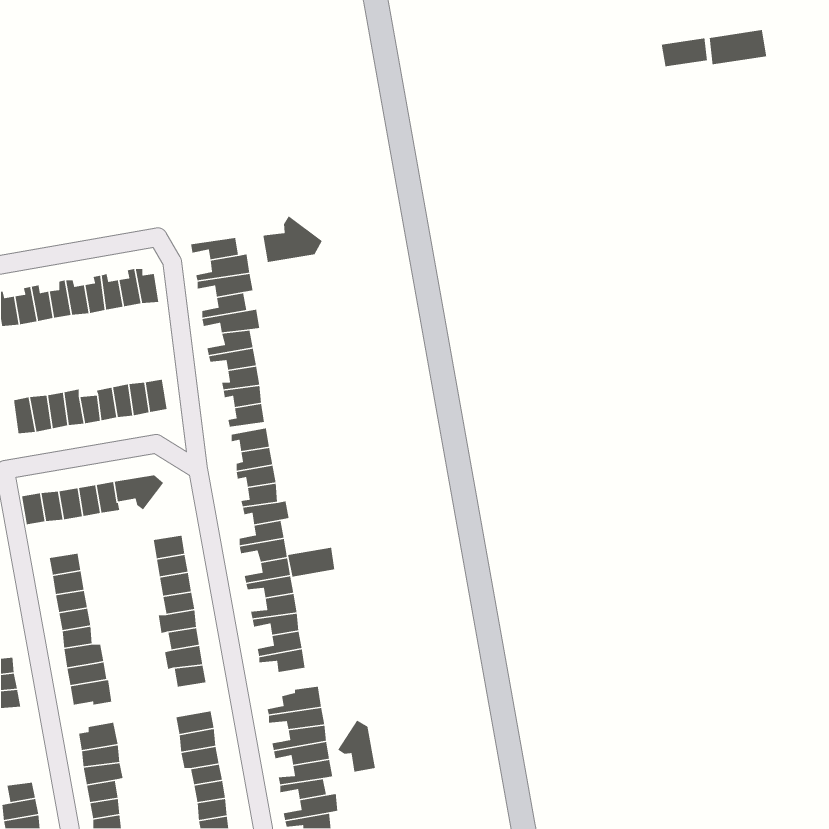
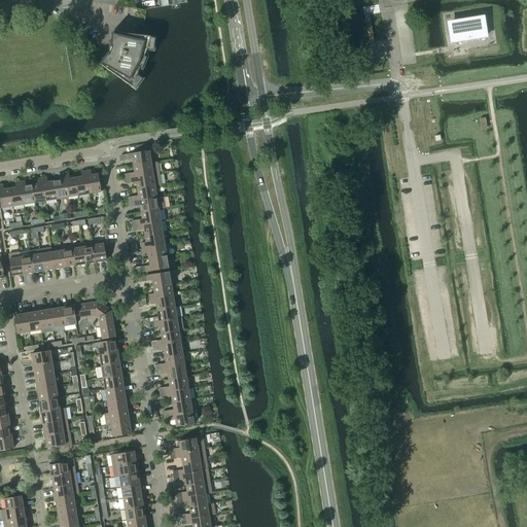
building: [661,38,708,67] -> none
building: none -> [100,31,155,87]
building: [262,215,323,263] -> none
building: none -> [92,306,116,338]
building: [287,547,335,577] -> none
building: [337,719,376,773] -> none

